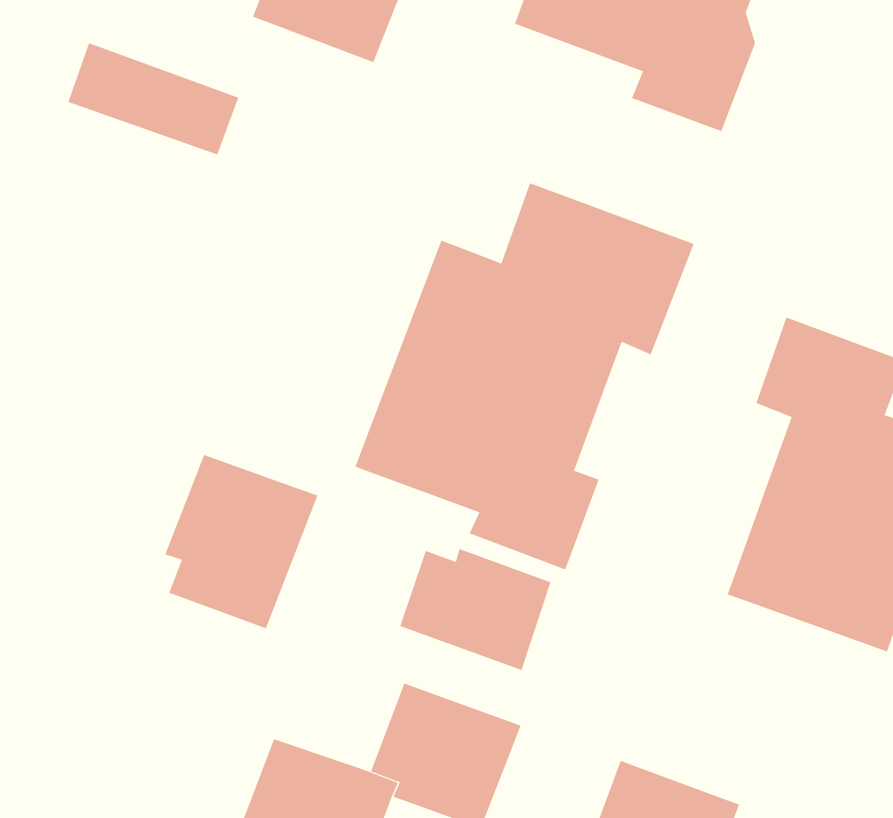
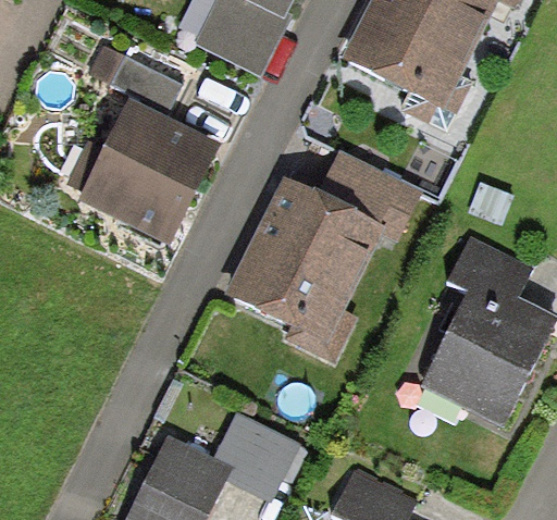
building: none -> [77,100,219,245]
building: [164,454,318,629] -> none
building: [399,548,551,671] -> none

